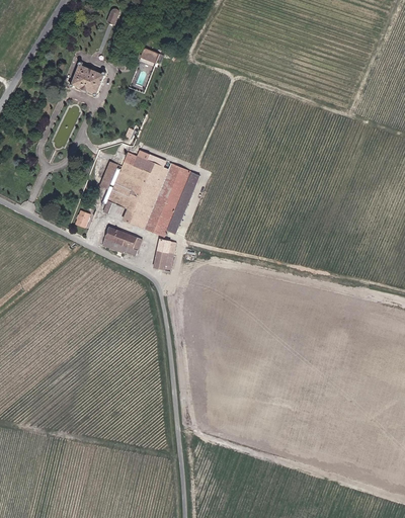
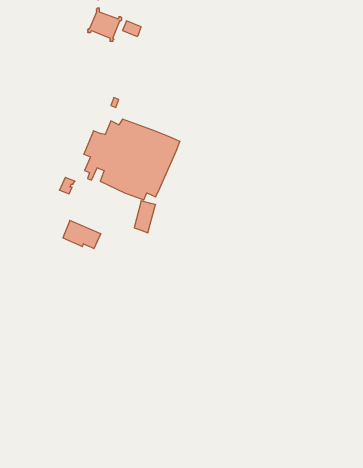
building: [70,63,105,97] -> [88,8,122,41]
building: [101,224,141,253] -> [63,220,101,249]

